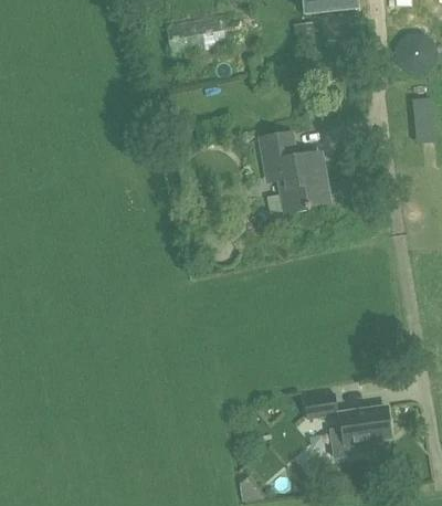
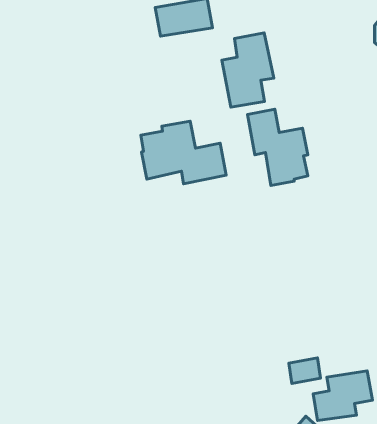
building: none -> [222,33,274,107]
building: none -> [141,121,226,184]

